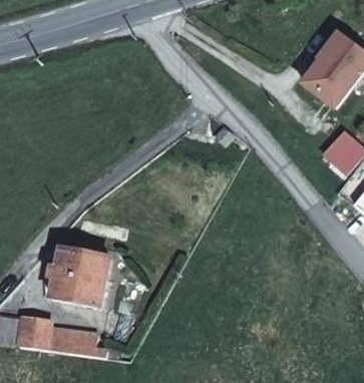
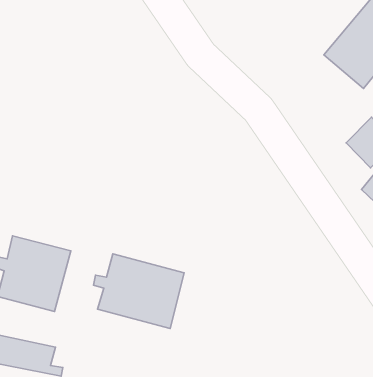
building: none -> [93,254,184,328]

